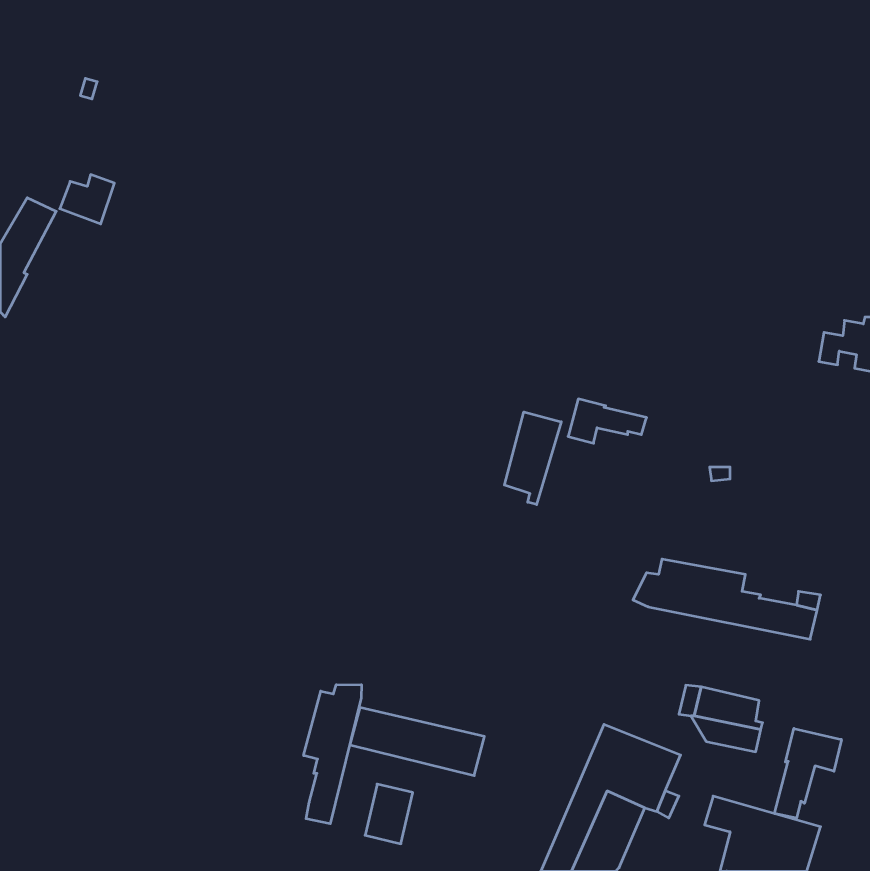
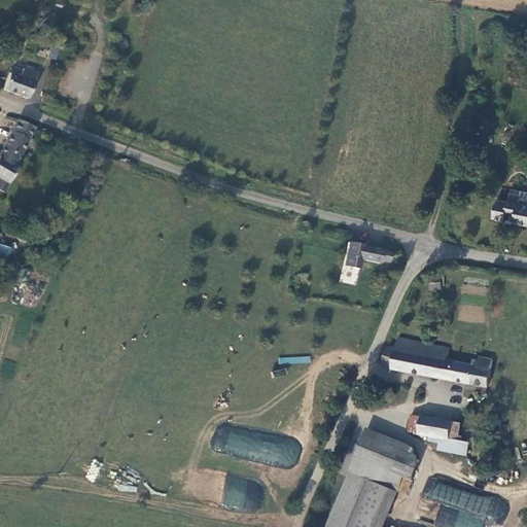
building: [60,175,114,224] -> [5,68,38,98]
building: [504,412,561,505] -> none
building: [304,685,361,824] -> none
building: [775,728,841,818] -> none

